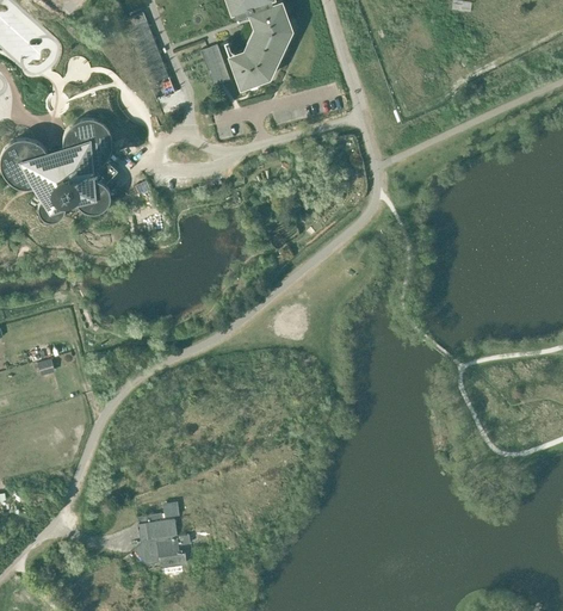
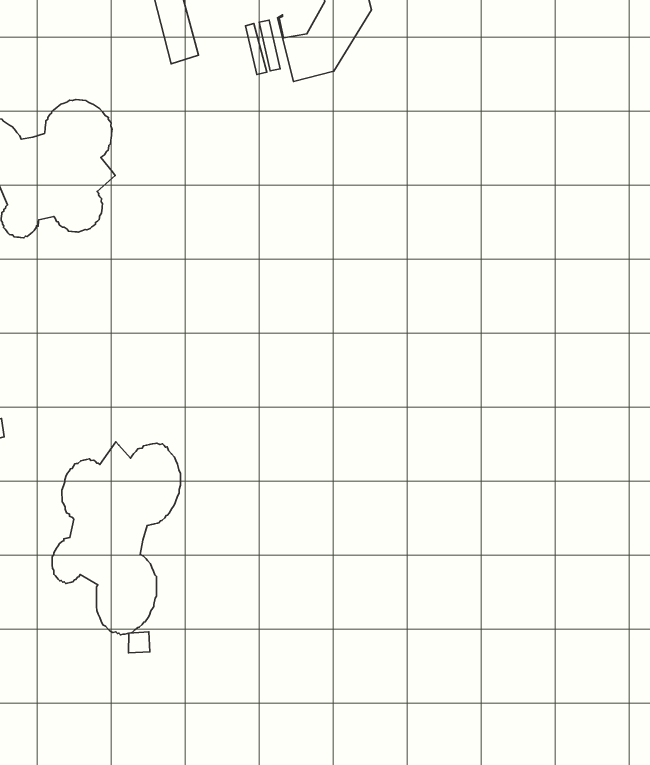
building: none -> [52,442,181,635]
building: [134,514,190,567] -> none

